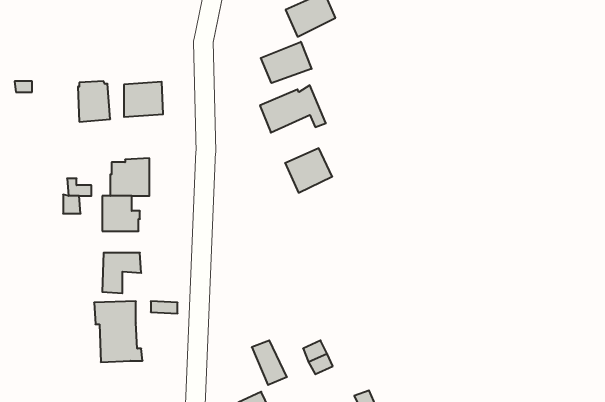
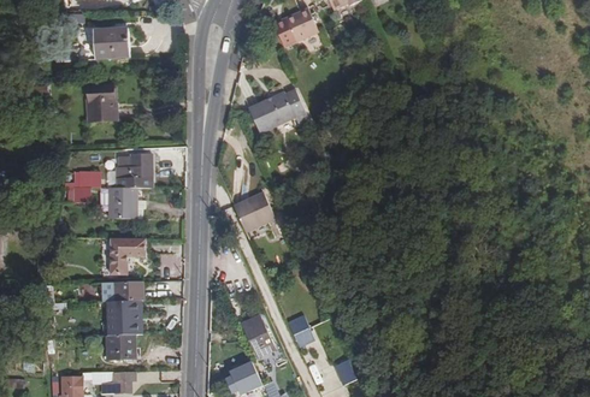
building: [261,42,312,83] -> none
building: [124,82,163,117] -> [94,28,129,59]
building: [285,148,332,193] -> [234,192,276,232]
building: none -> [106,334,135,360]

